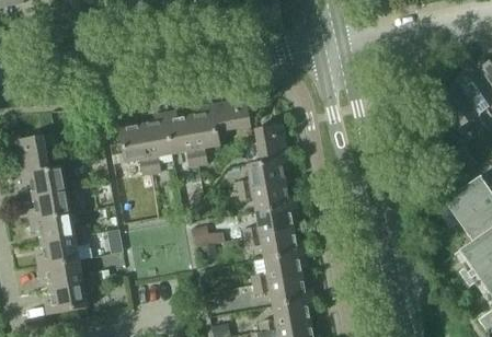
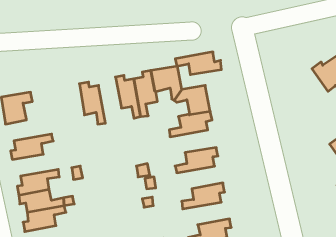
building: [142,113,172,173] -> none
building: [21,165,81,196] -> none
building: [236,182,296,211] -> [175,52,221,75]
building: [30,213,90,242] -> none
building: [244,229,305,258] -> none
building: [252,276,313,305] -> none

